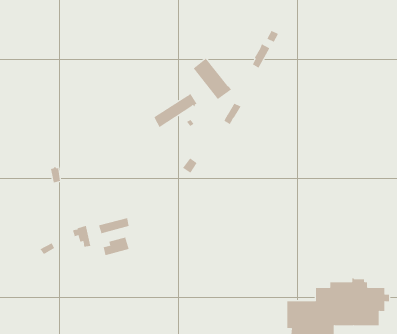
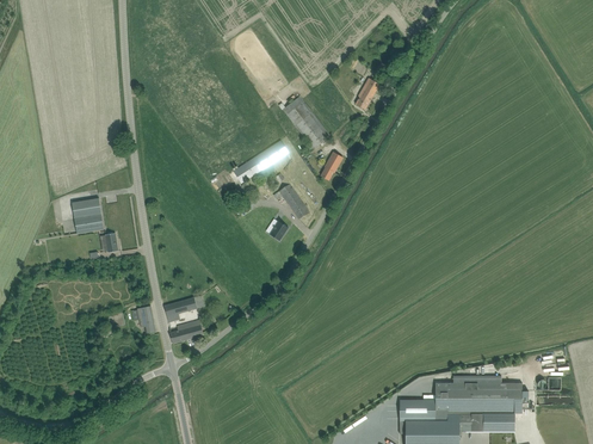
building: none -> [272,184,309,220]
building: none -> [72,198,104,234]

